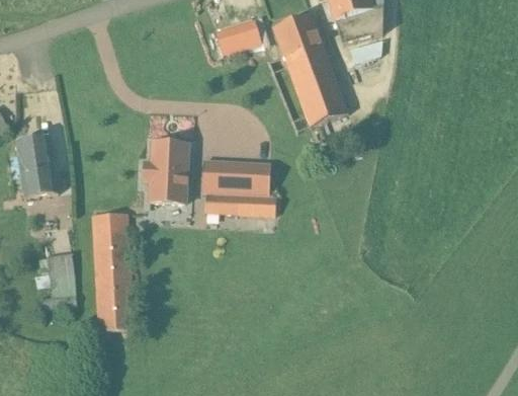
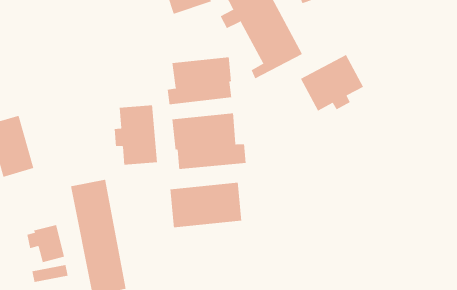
building: none -> [167,57,232,105]
building: none -> [300,54,364,111]
building: none -> [170,182,242,228]

